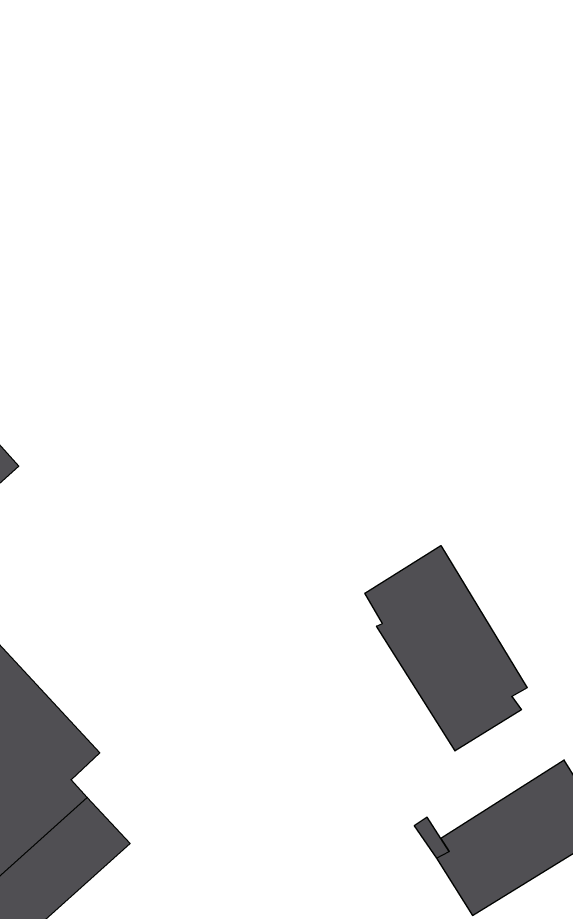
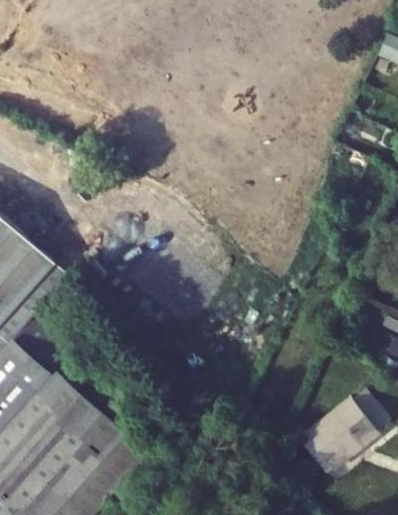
building: [365,546,527,751] -> none

